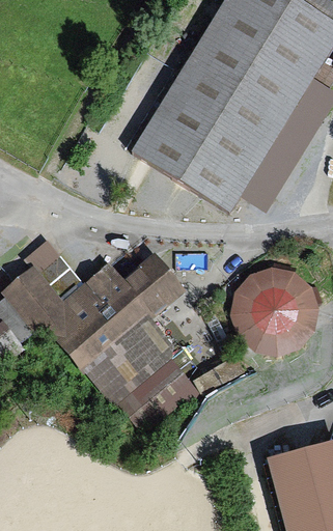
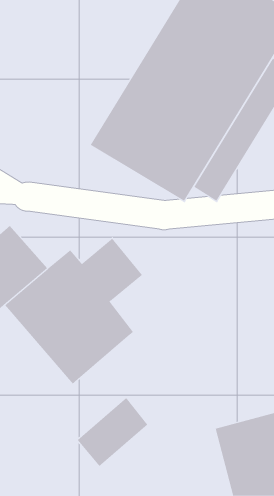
building: [232,267,318,353] -> none
building: [118,357,194,430] -> [77,397,148,467]

